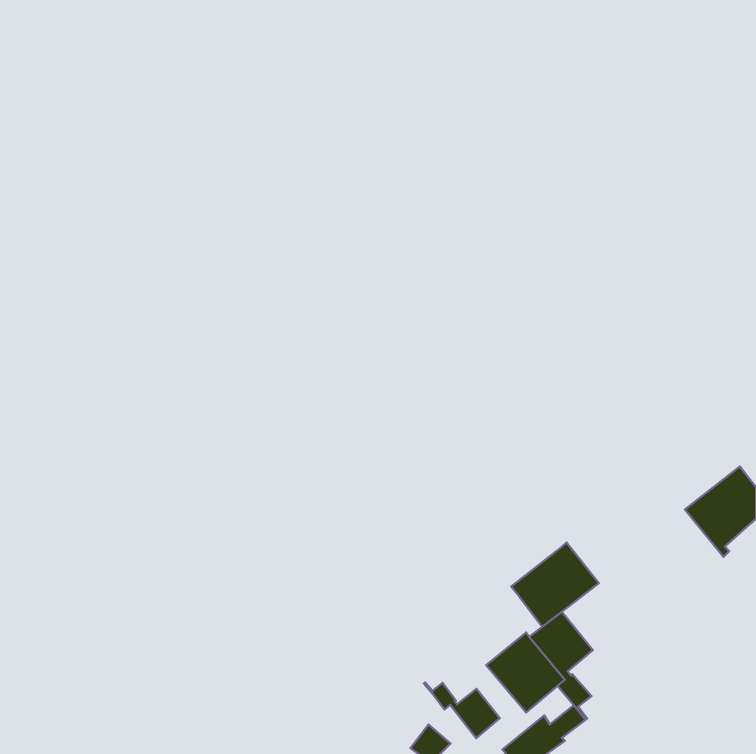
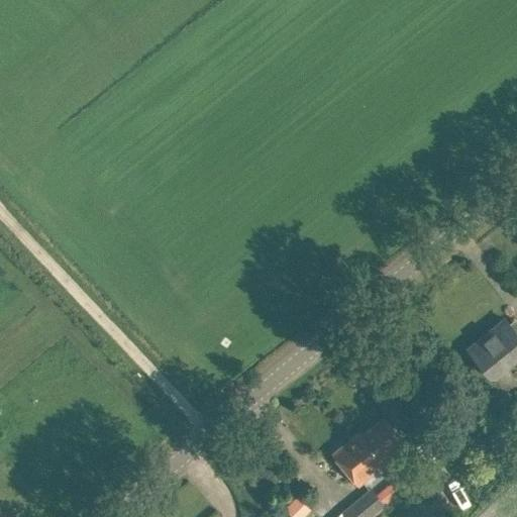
building: [511,543,599,627] -> none
building: [424,682,500,738] -> none

